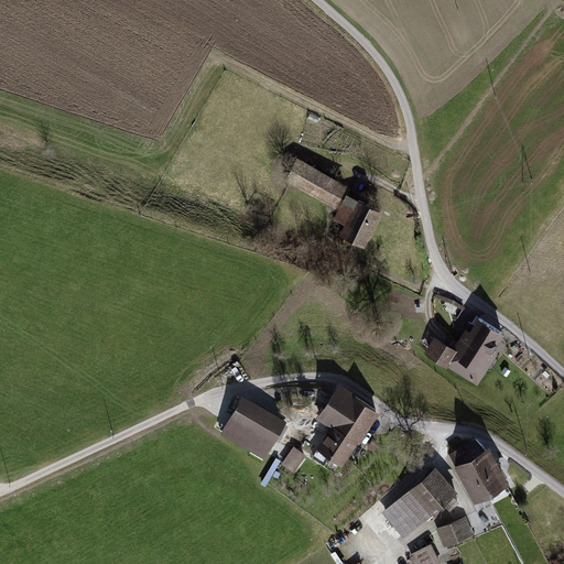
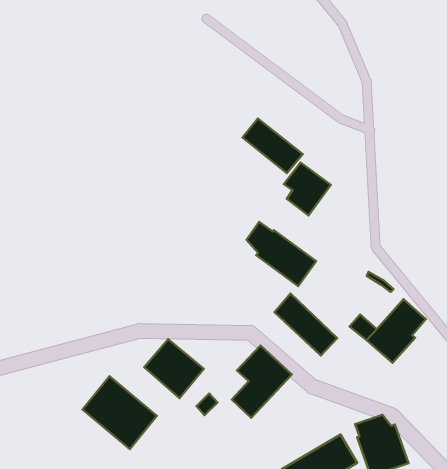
building: none -> [246,222,316,286]
building: none -> [275,294,337,355]
building: none -> [82,376,157,449]

